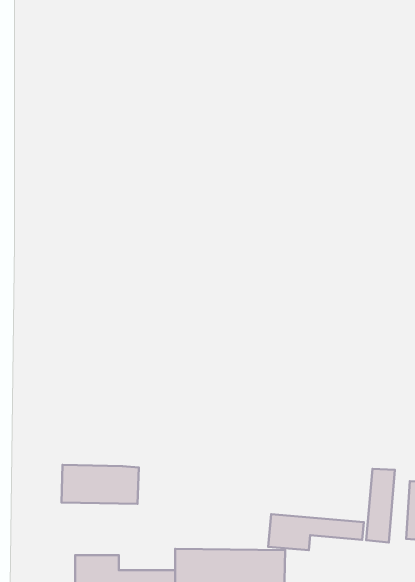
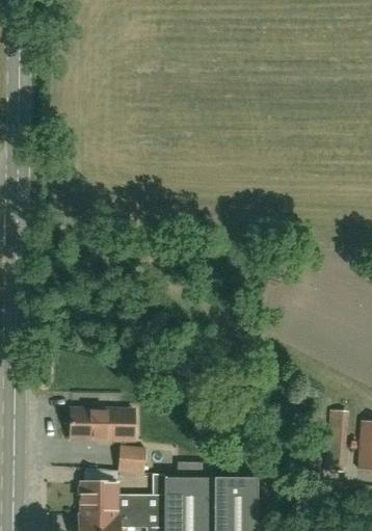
building: none -> [118,446,145,472]
building: [268,514,364,550] -> none

